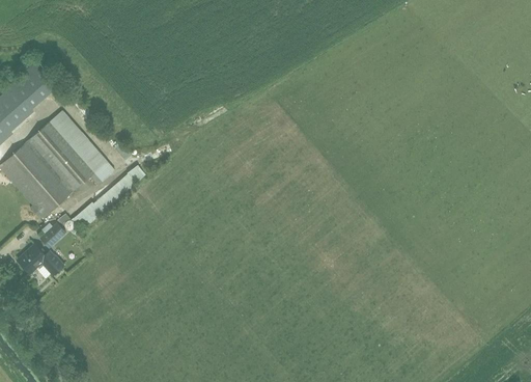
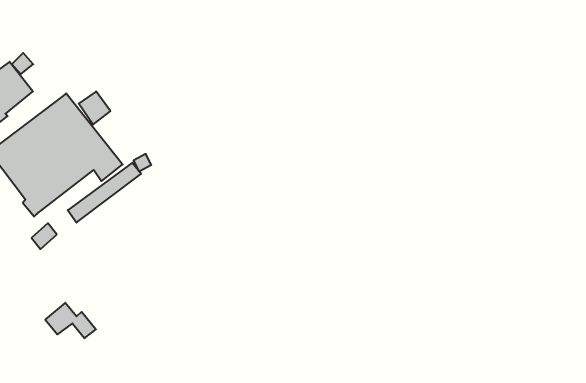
building: [24,82,52,111] -> [79,91,110,125]
building: [18,244,62,274] -> [45,303,96,338]

